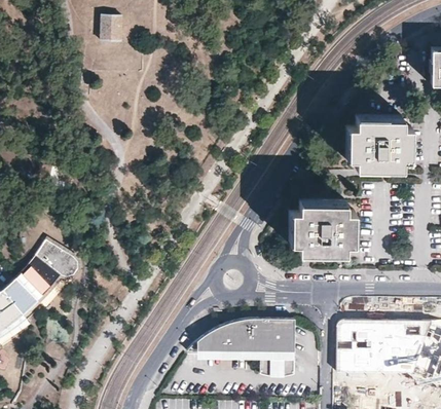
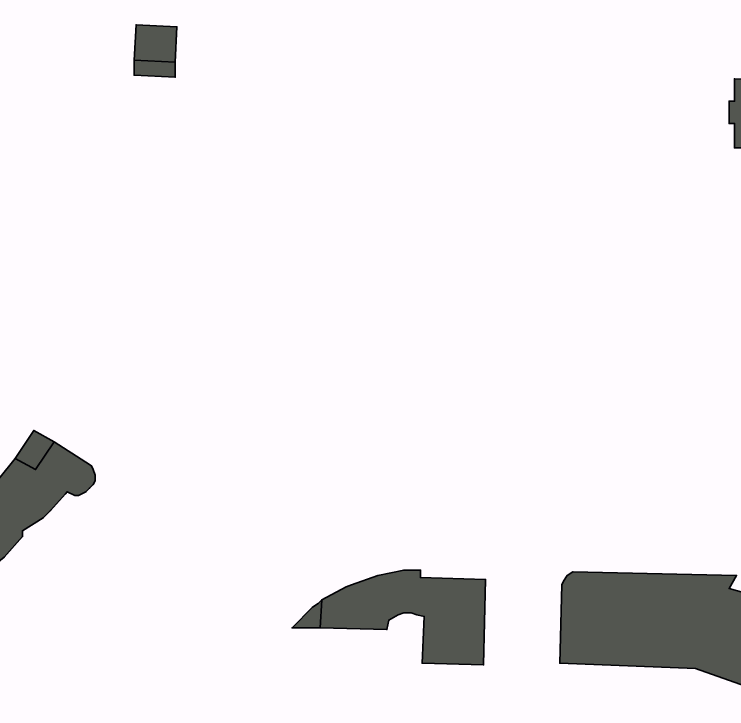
building: [344,116,411,168] -> none
building: [289,199,355,253] -> none

